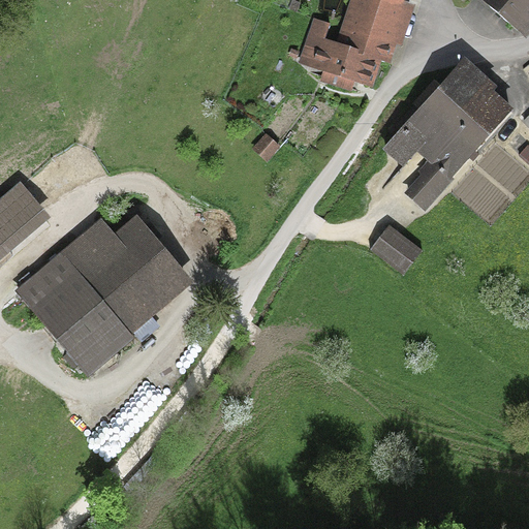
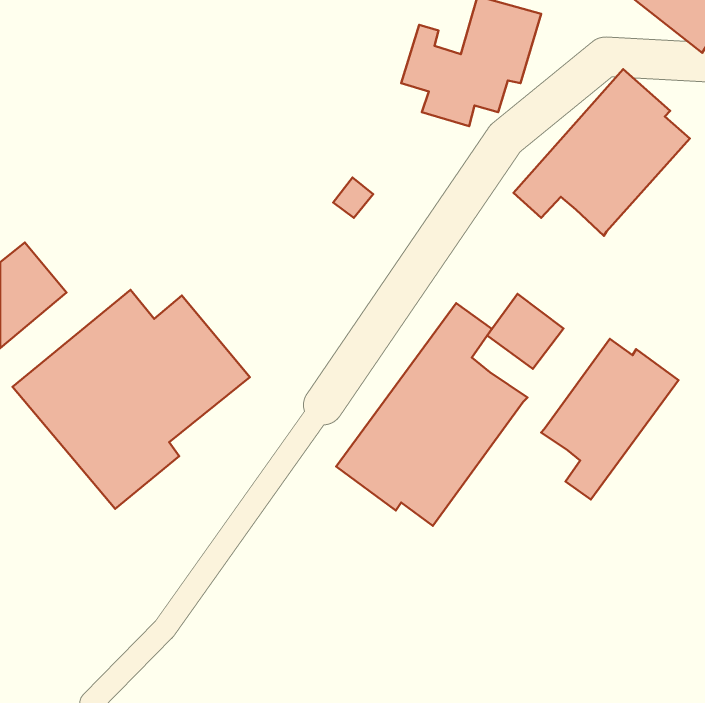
building: [407,156,458,208] -> none
building: none -> [336,303,527,526]
building: none -> [541,339,678,500]

